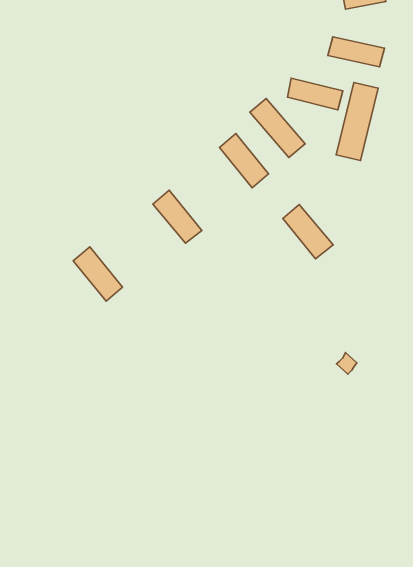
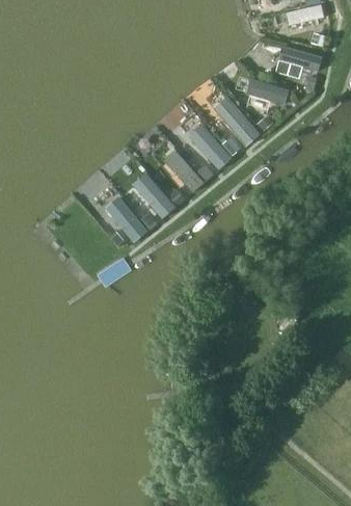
building: [336,82,378,160] -> none
building: [283,205,333,259] -> [162,148,204,192]
building: [73,247,122,301] -> [107,196,147,241]

